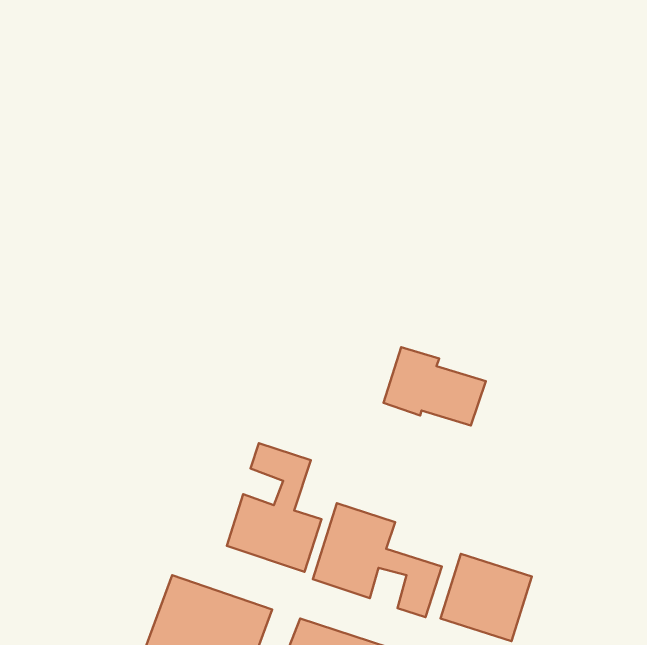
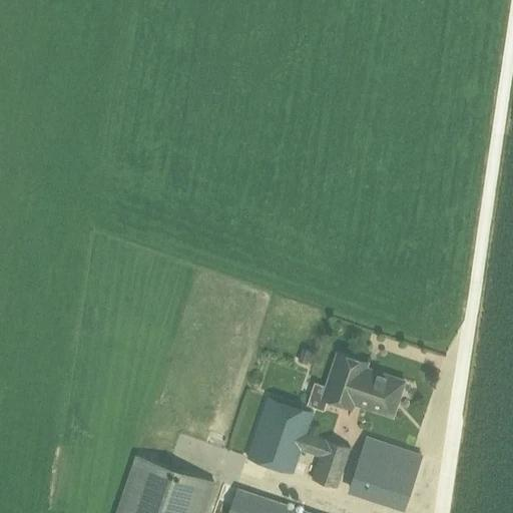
building: [383,347,486,426] -> [323,355,404,417]
building: [227,443,322,572] -> none

